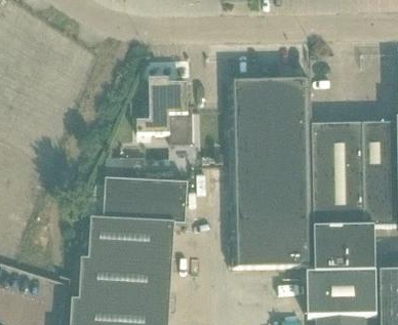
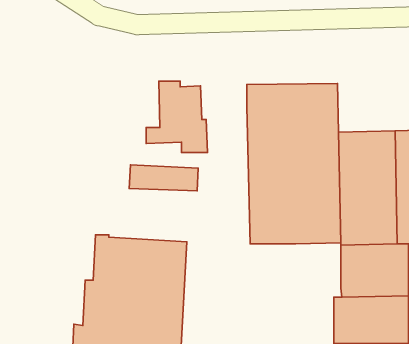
building: [103,176,187,221] -> none
building: [231,222,313,266] -> none

